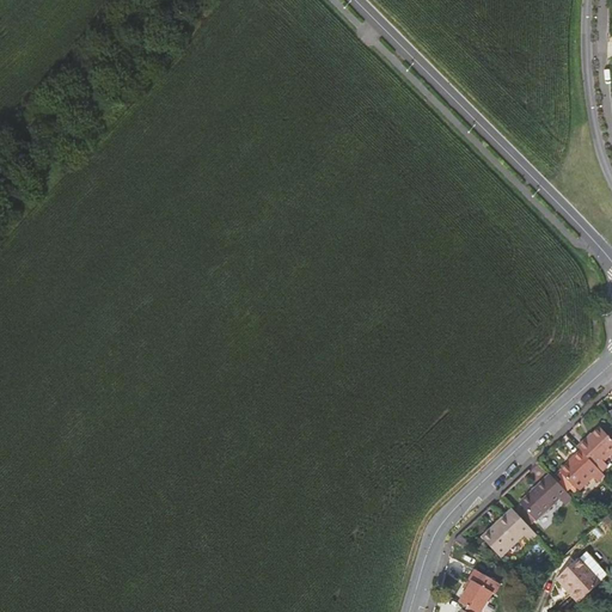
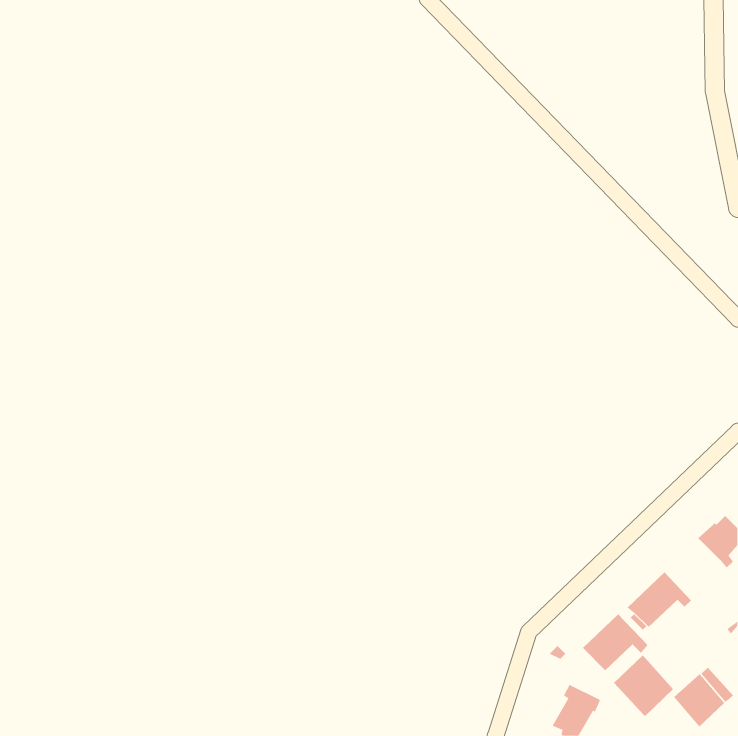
building: [561,449,604,490] -> none
building: none -> [613,654,674,716]

